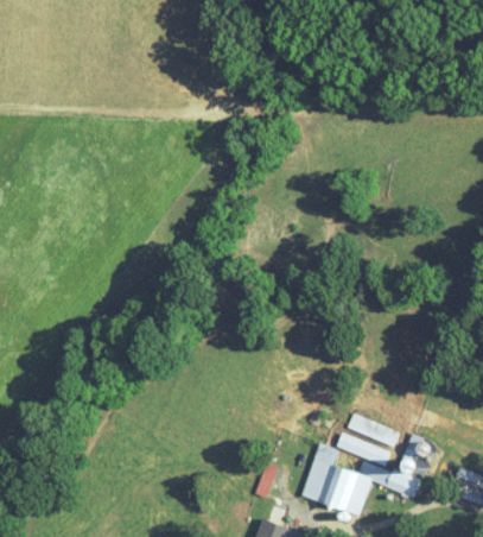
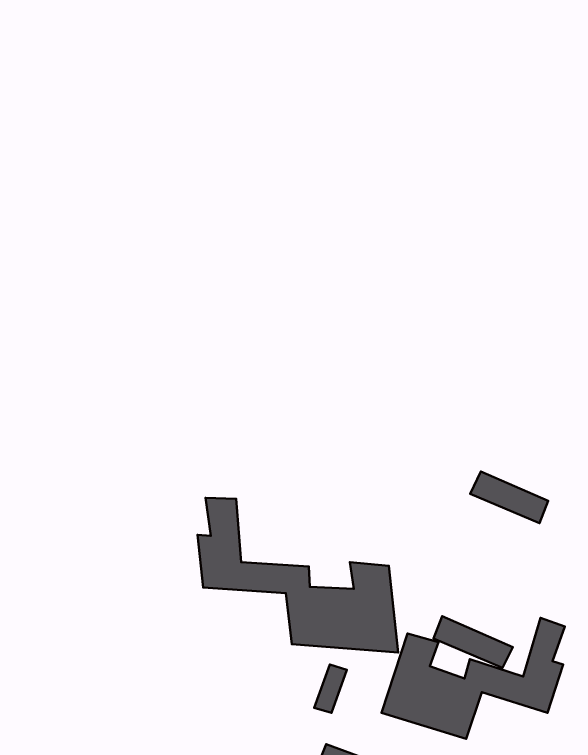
building: none -> [198,498,398,652]
building: [347,412,400,448] -> [470,471,548,523]

